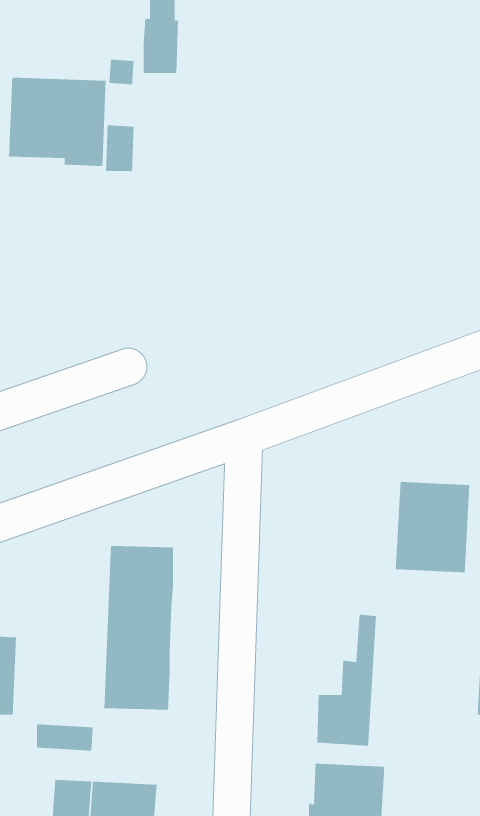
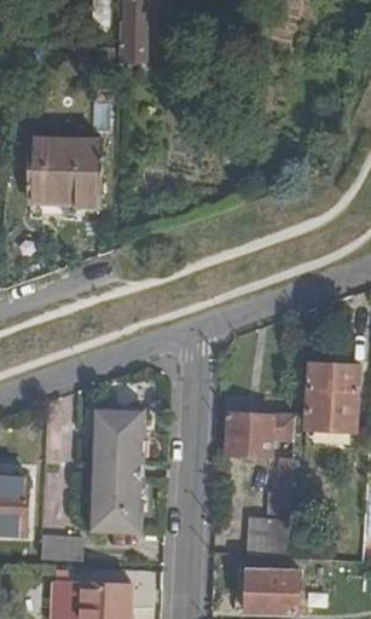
building: [8,77,106,167] -> [29,141,102,208]
building: none -> [224,412,295,457]

